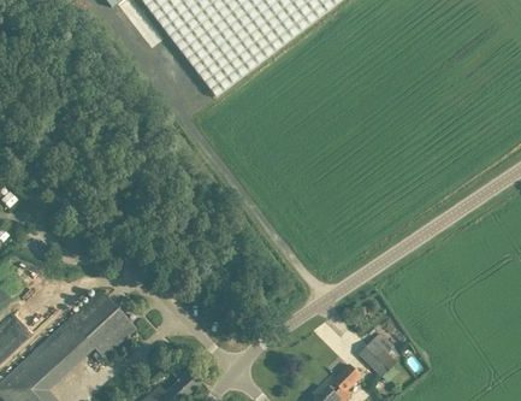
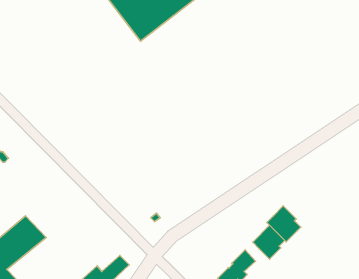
building: [70,288,136,354] -> none
building: none -> [267,206,301,242]

